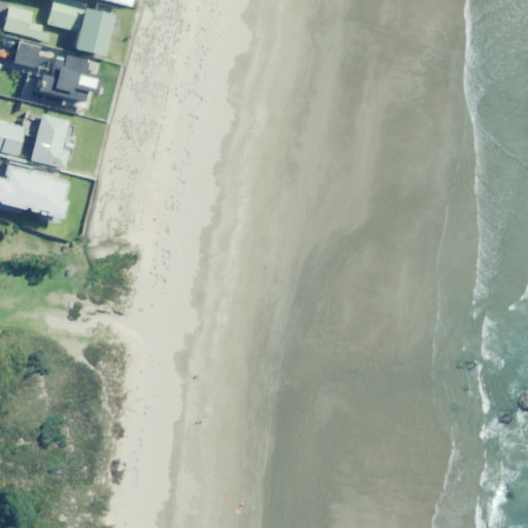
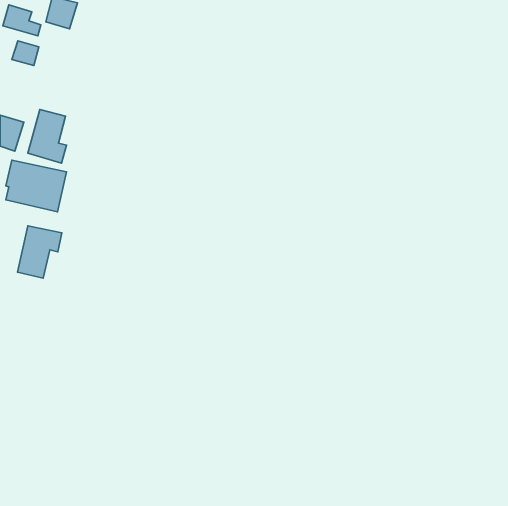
building: [72,8,113,56] -> none
building: [35,55,95,102] -> none
building: none -> [18,226,62,278]

